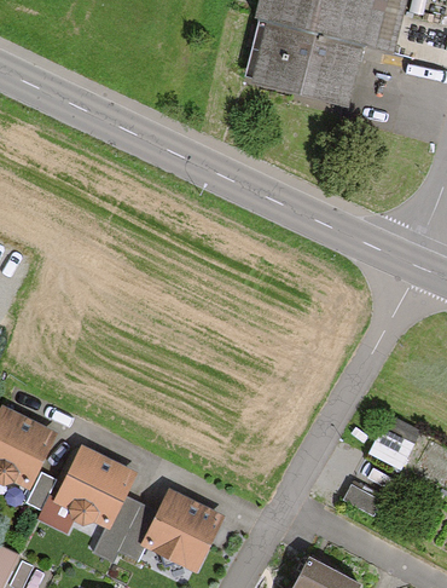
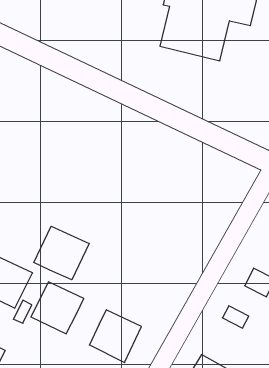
building: none -> [34,226,89,280]
building: [94,494,156,560] -> none

